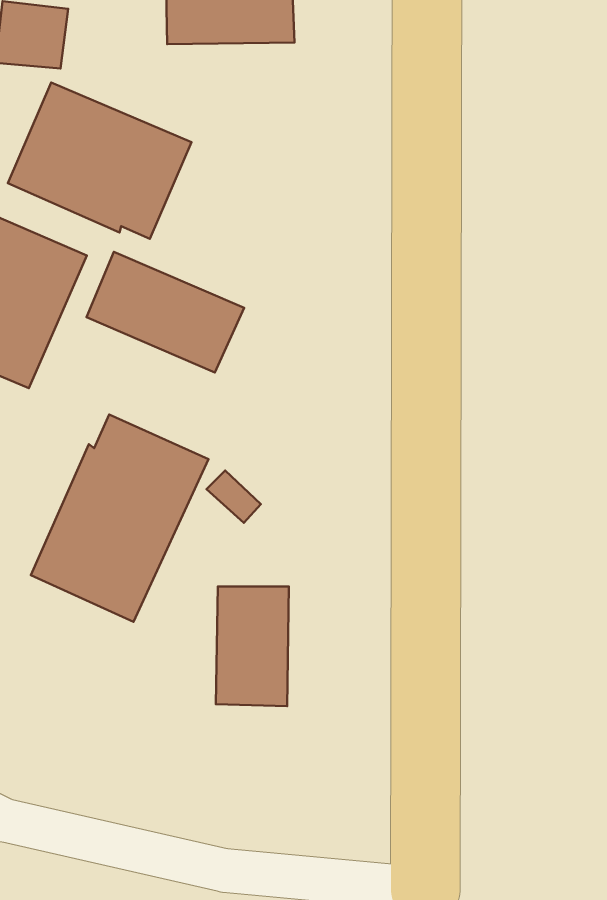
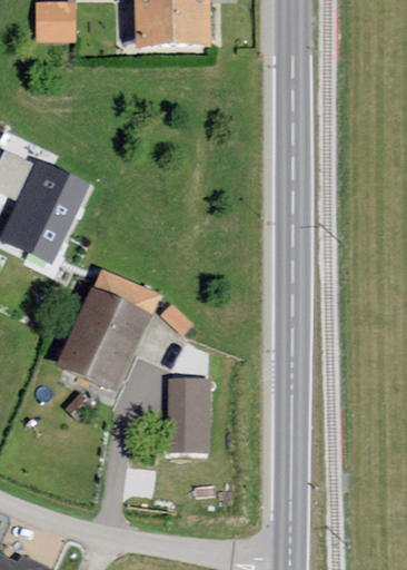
building: [8,83,192,239] -> none
building: [87,252,244,372] -> none

